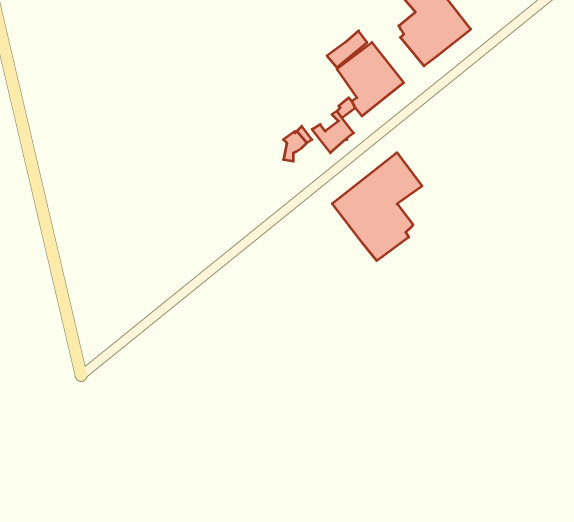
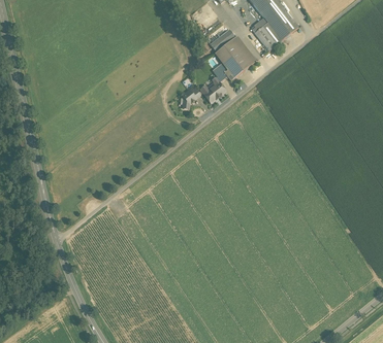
building: [332,153,422,261] -> none

